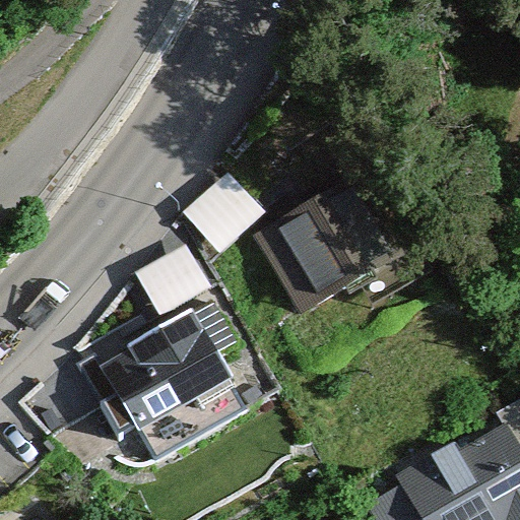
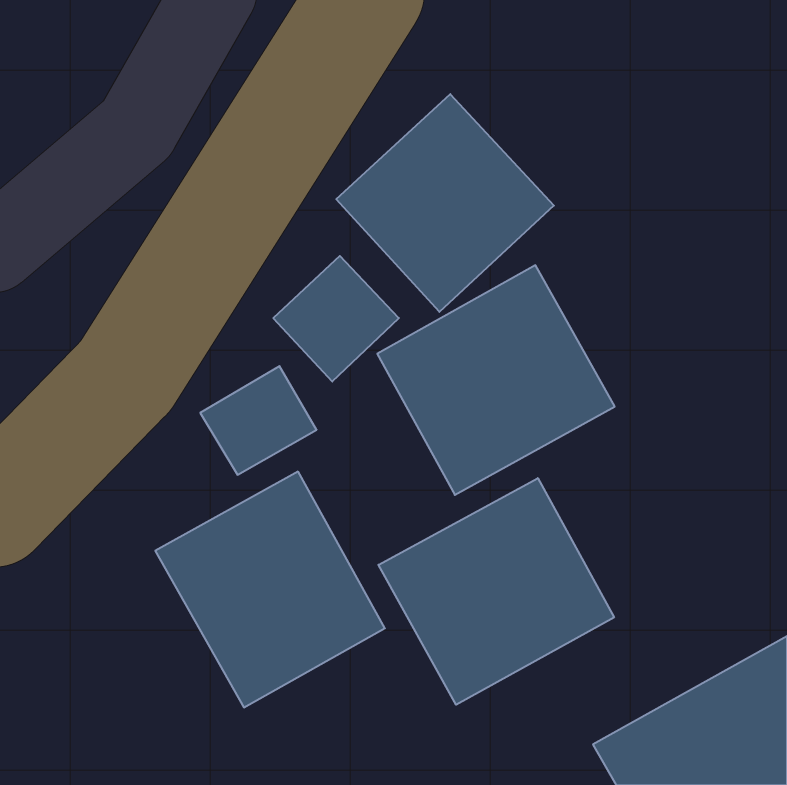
building: none -> [336,94,554,312]
building: none -> [378,478,614,705]

